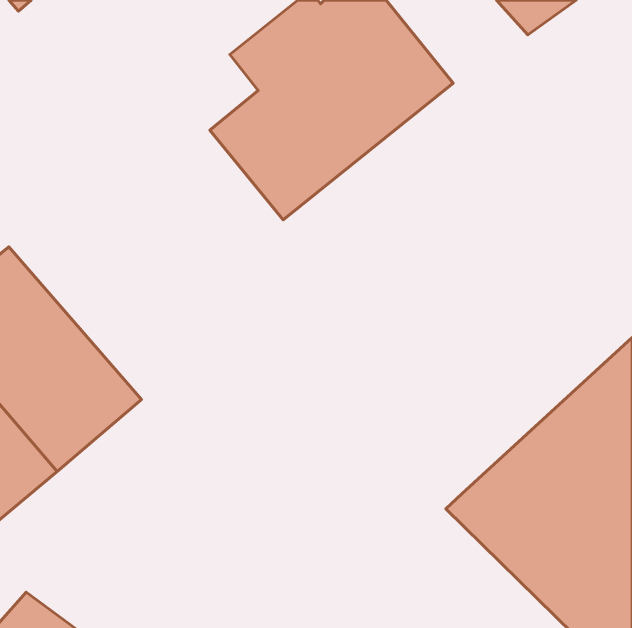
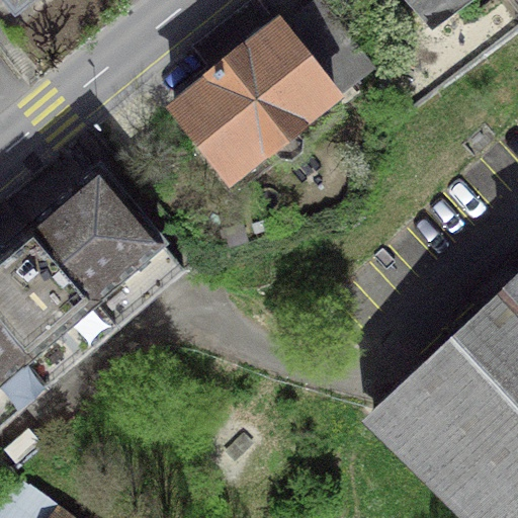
building: none -> [7,148,182,331]

